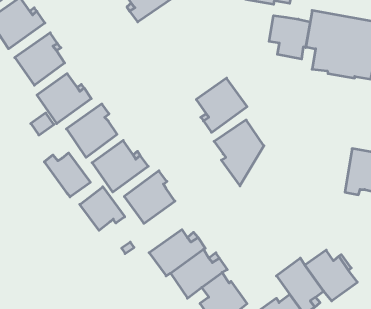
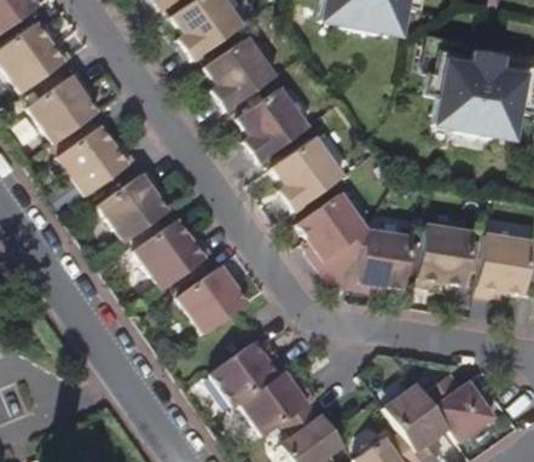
building: none -> [208,39,277,111]
building: [269,16,310,59] -> none
building: none -> [240,88,310,161]
building: none -> [418,223,476,285]
building: none -> [335,229,413,291]
building: [44,153,90,197] -> none
building: [80,187,125,230] -> none

